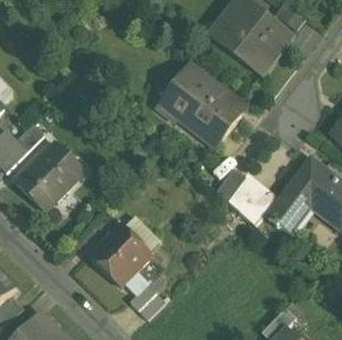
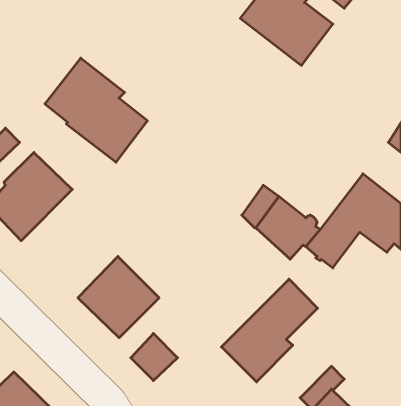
building: [159,64,239,145] -> [45,58,147,162]
building: none -> [221,279,318,382]

